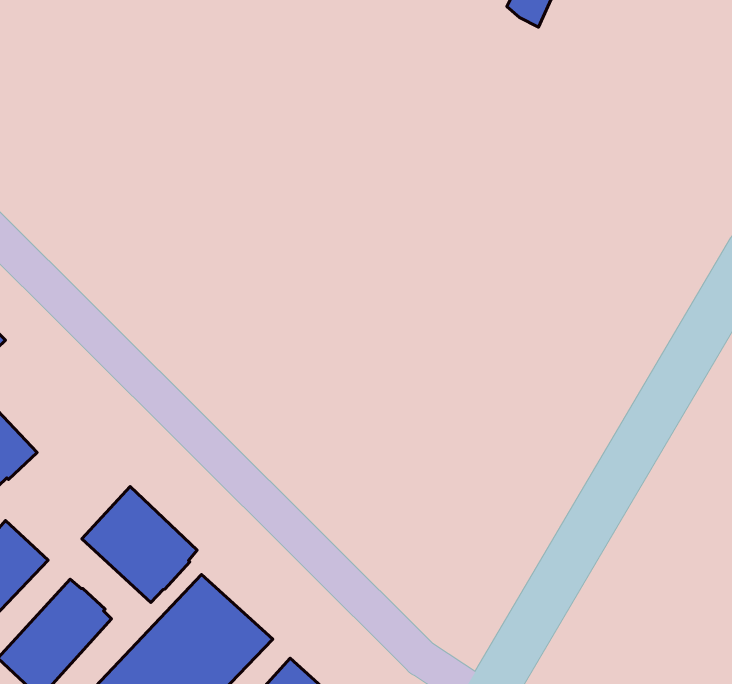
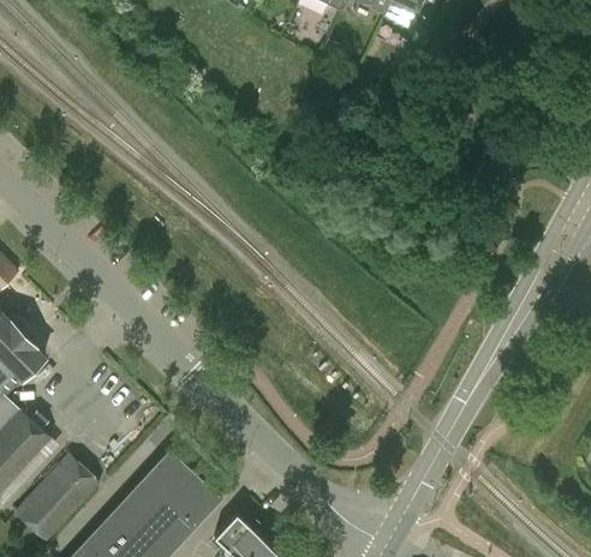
building: [82,486,197,602] -> none

